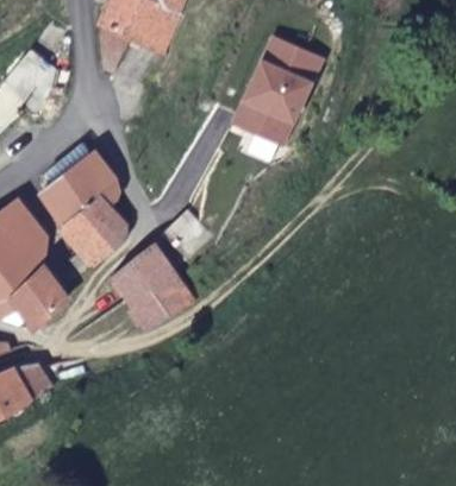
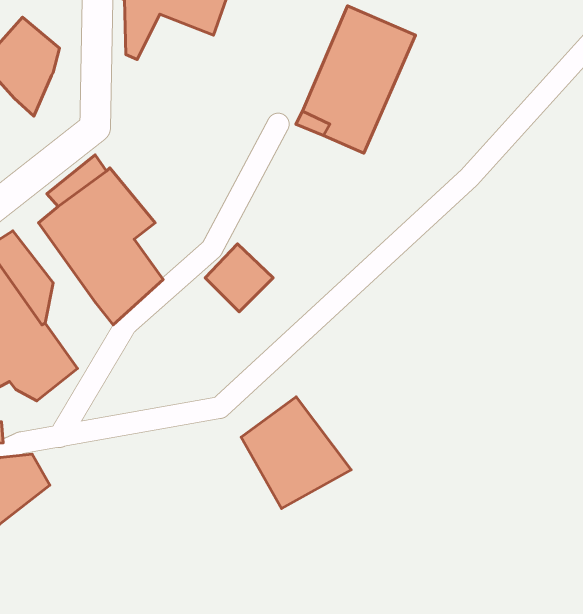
building: [113,248,194,330] -> [241,397,351,509]

